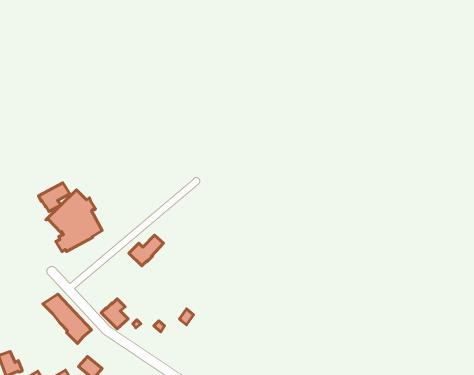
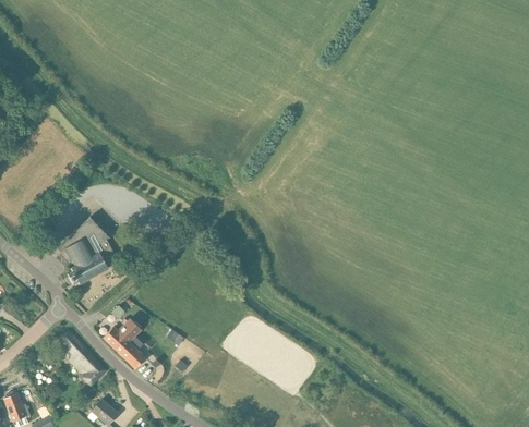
building: [39,183,70,212] -> none
building: [129,235,164,266] -> [103,319,141,353]

